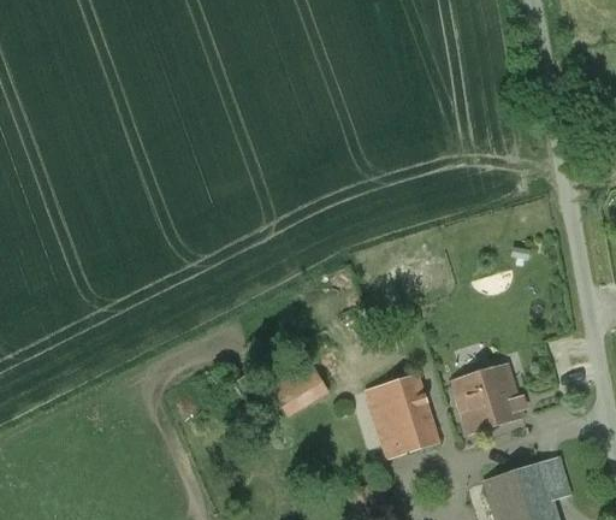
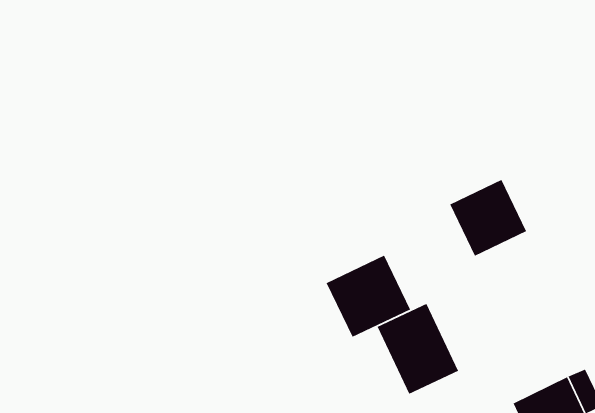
building: none -> [326,255,411,338]
building: [452,362,522,432] -> [449,179,527,257]

